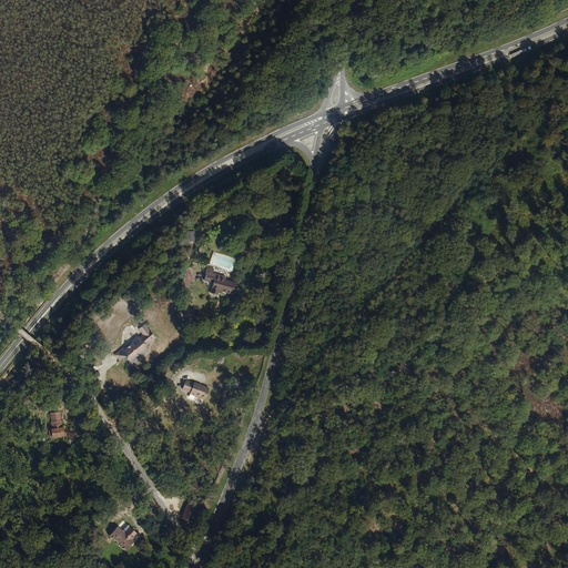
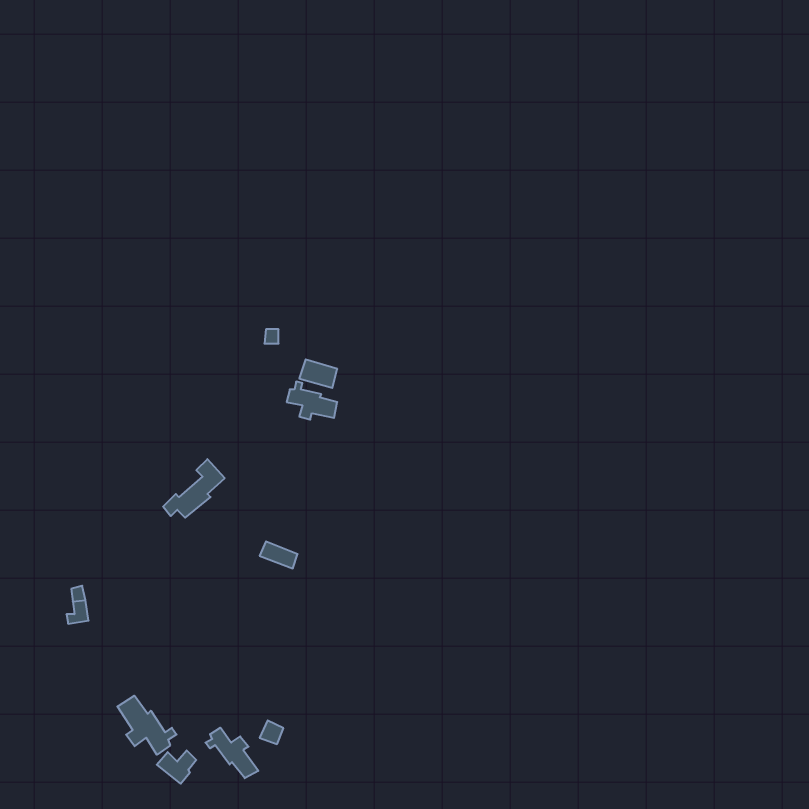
building: none -> [117,696,177,755]
building: none -> [205,728,258,778]

